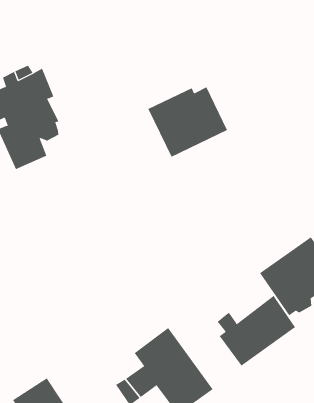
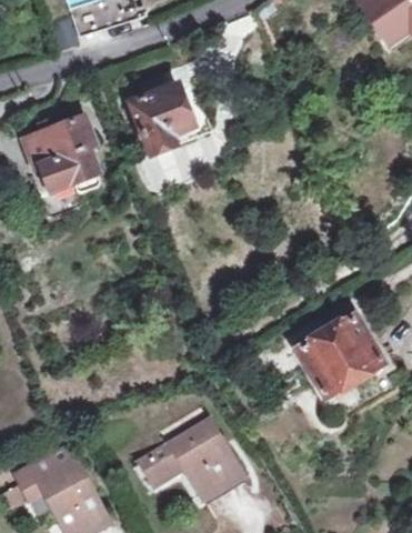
building: [147,87,228,158] -> [131,82,214,154]
building: [217,295,296,367] -> none

